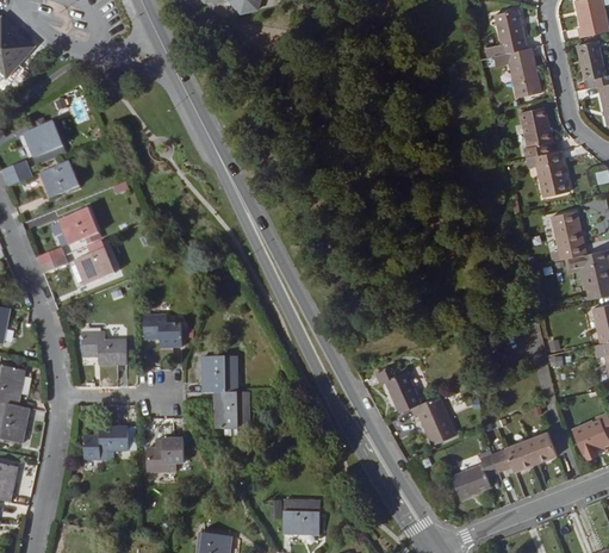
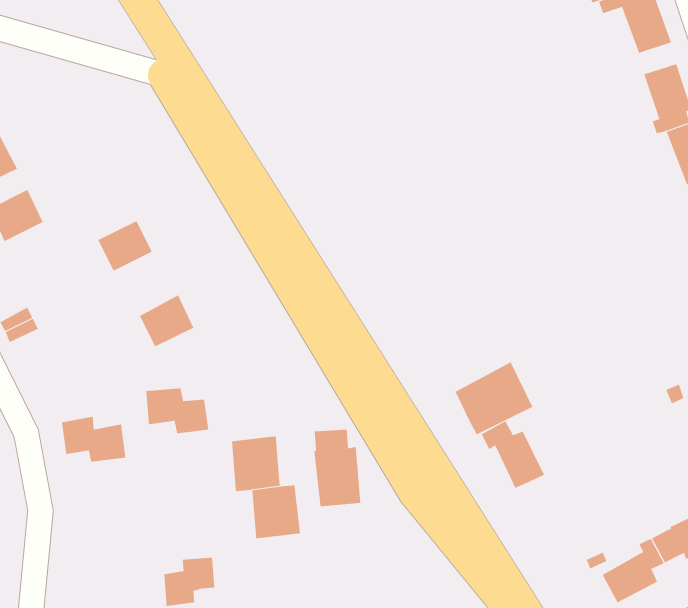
building: [56,209,95,244] -> [98,220,153,271]
building: [73,248,112,285] -> [139,295,194,347]
building: none -> [455,362,533,435]
building: none -> [314,429,361,507]
building: [415,392,460,442] -> none
building: [80,425,125,461] -> none

